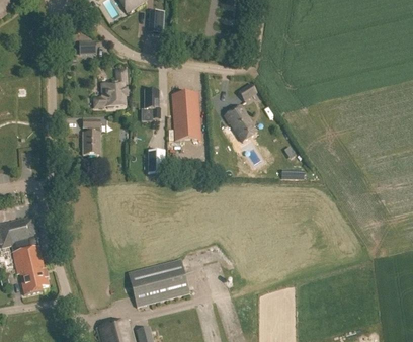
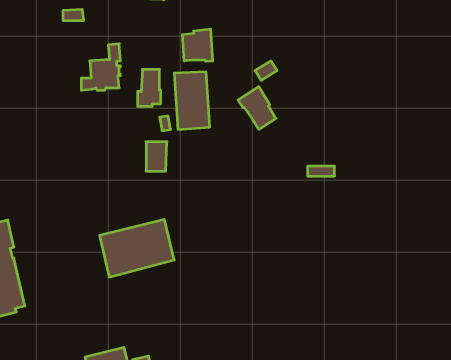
building: none -> [182,29,213,61]
building: [82,118,100,154] -> none
building: [129,260,190,308] -> [100,219,174,277]

